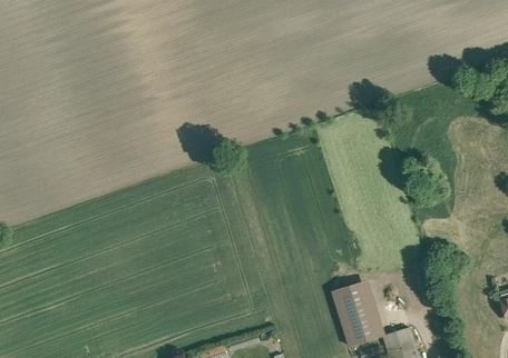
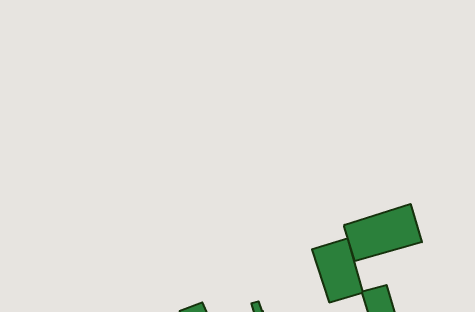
building: none -> [344,204,422,261]

